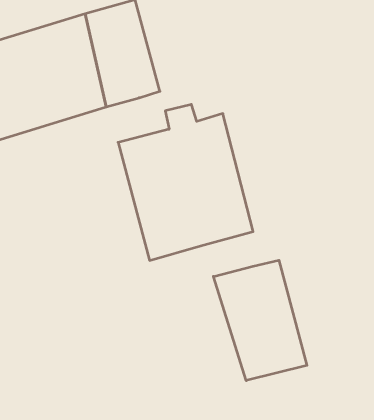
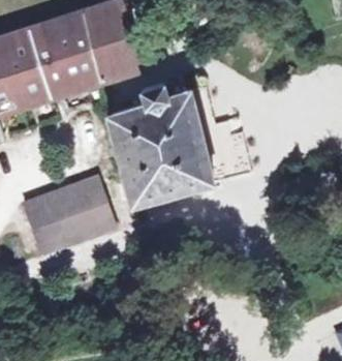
building: none -> [24,177,116,253]
building: [213,260,307,381] -> none

